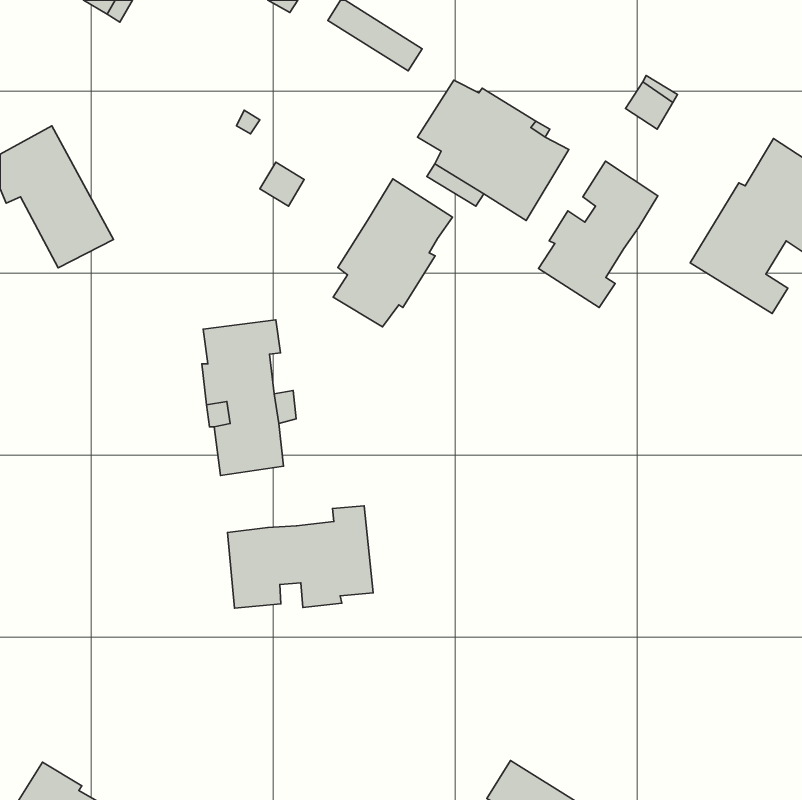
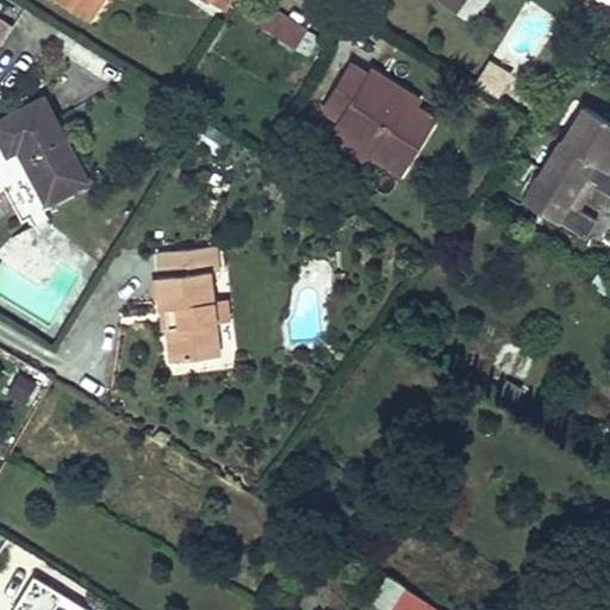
building: [538,161,658,307] -> none
building: [333,179,452,327] -> none
building: [228,506,373,608] -> none

